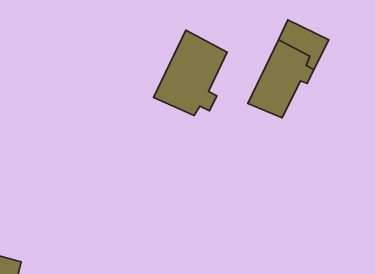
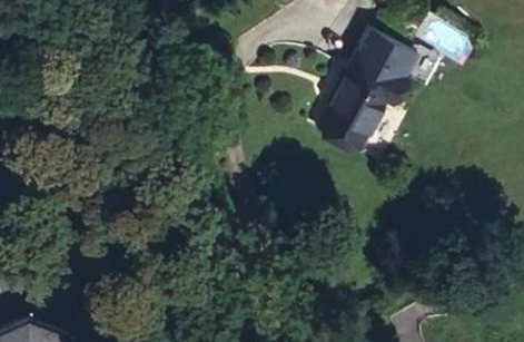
building: [154,30,227,116] -> none

